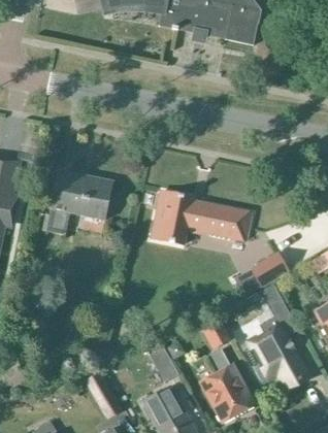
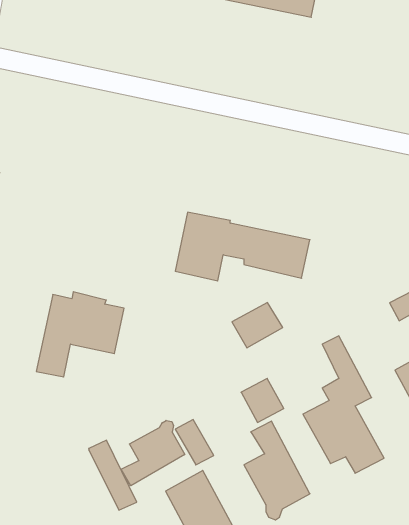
building: [44,170,110,234] -> [36,292,124,377]
building: [250,254,288,288] -> [232,303,283,348]
building: none -> [121,420,185,486]

